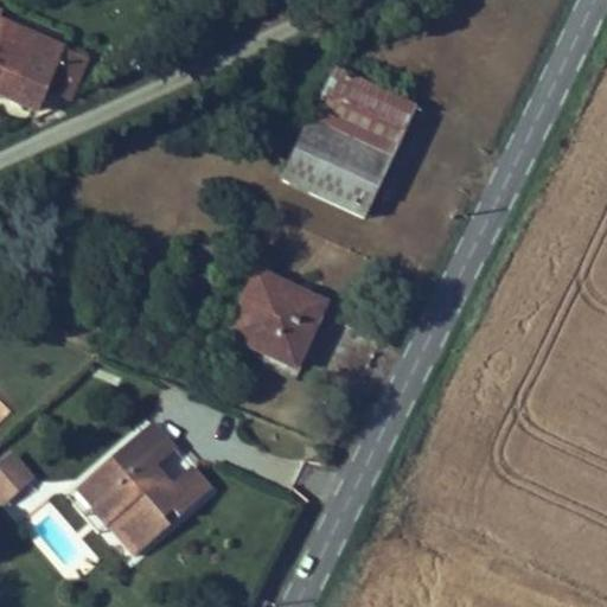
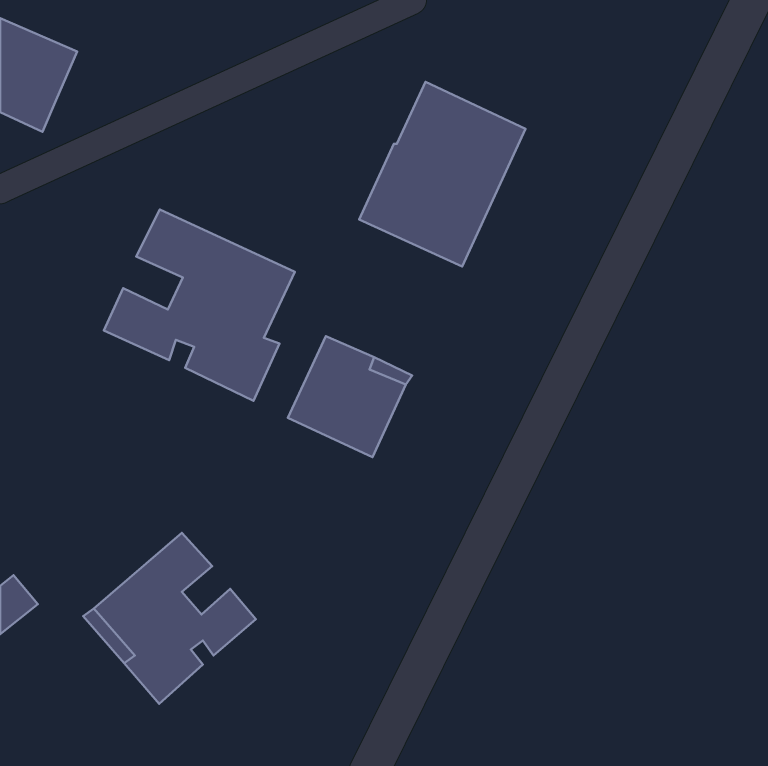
building: [49,46,91,96] -> none
building: none -> [104,209,295,401]

